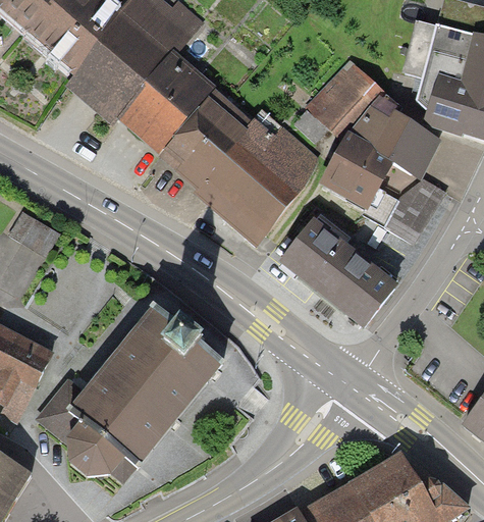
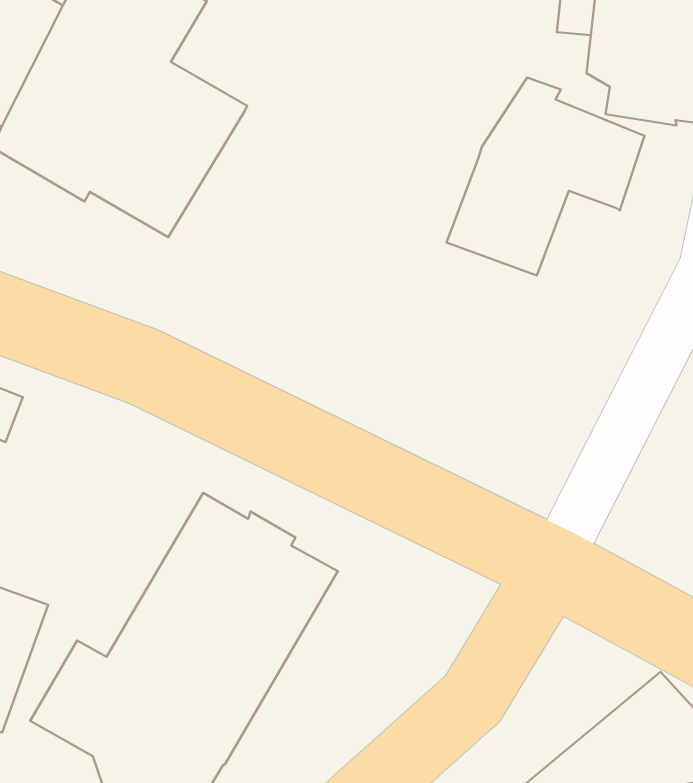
building: [306,58,384,137] -> none
building: [156,88,320,246] -> none
building: [383,176,445,243] -> none
building: [277,217,398,329] -> none

